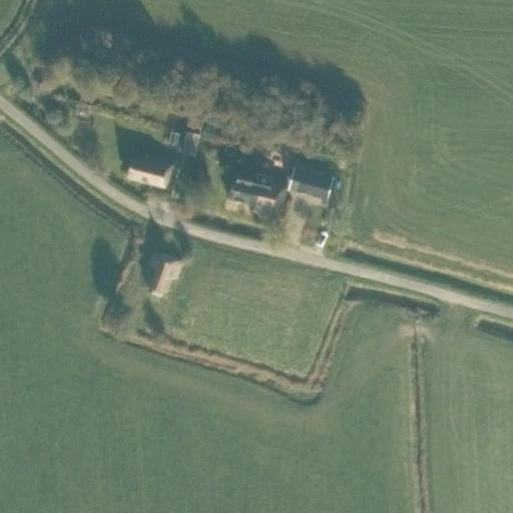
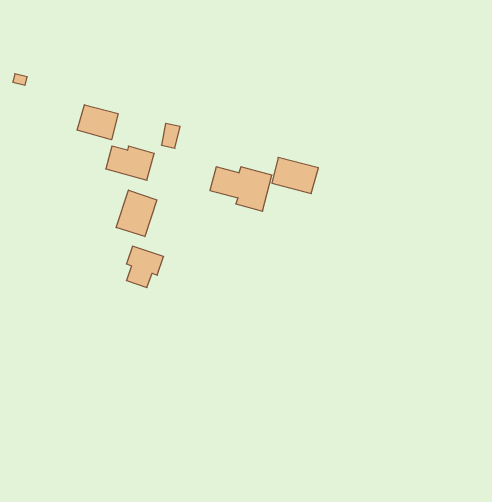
building: none -> [77,105,118,140]
building: none -> [116,190,157,237]

